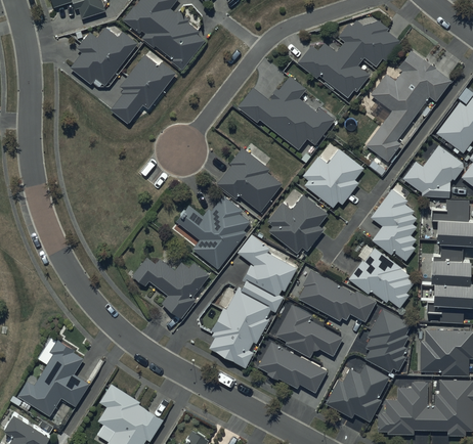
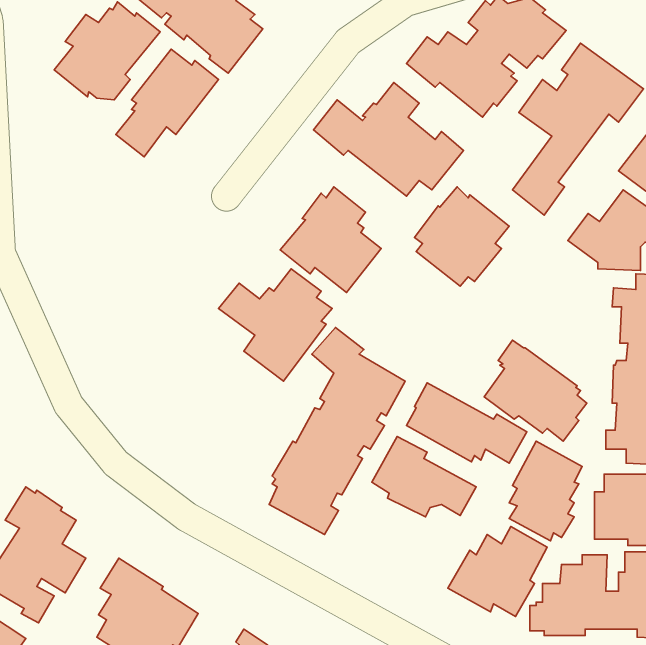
building: [370,188,417,261] -> none
building: [267,194,328,254] -> none
building: [132,257,210,318] -> none
building: [257,341,327,393] -> none

